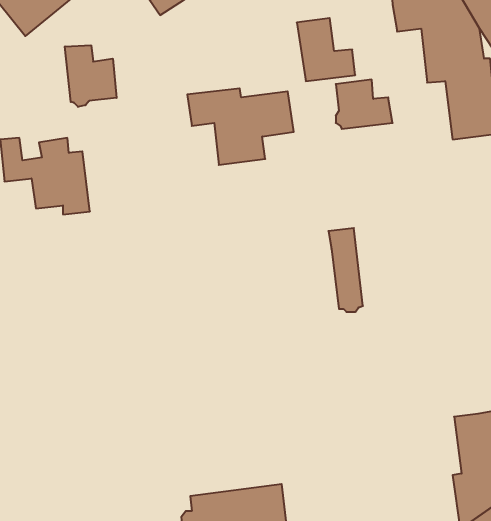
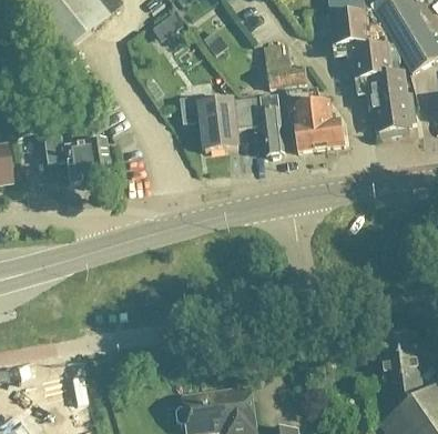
building: [65,45,117,107] -> none
building: none -> [294,118,344,150]
building: [328,228,363,312] -> [258,94,284,157]

